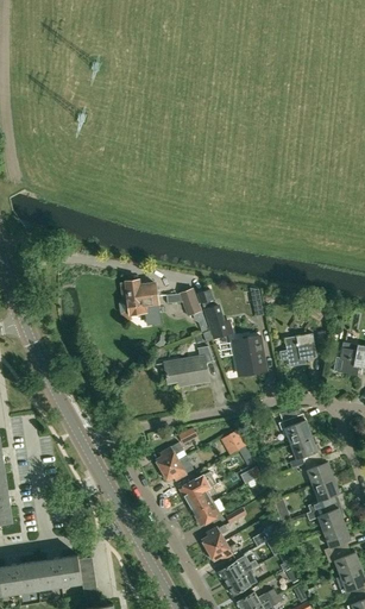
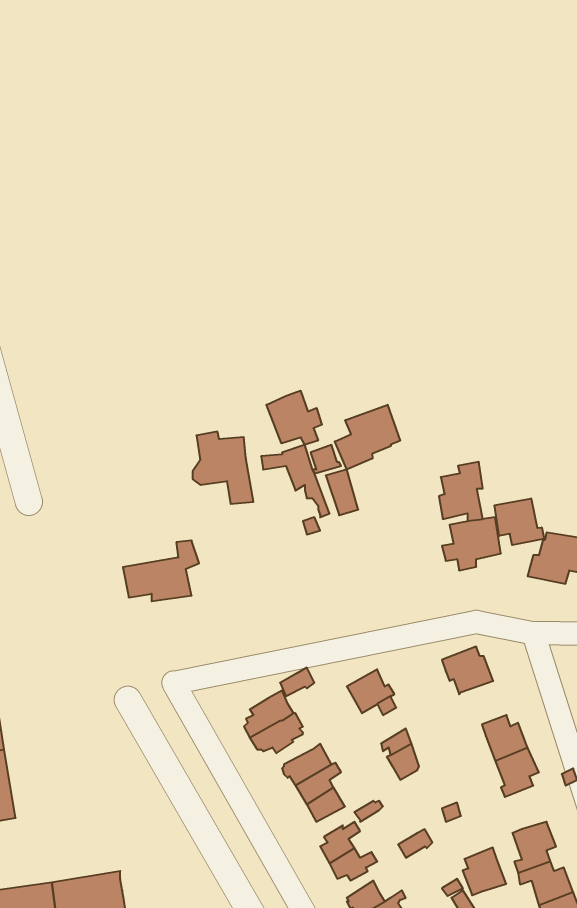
building: none -> [266,391,322,445]
building: none -> [335,405,400,470]
building: none -> [495,498,544,545]
building: [234,337,262,373] -> [439,462,483,521]
building: [164,347,212,385] -> [123,540,199,601]
building: [289,437,319,469] -> none
building: [316,502,344,532] -> [463,848,506,895]

